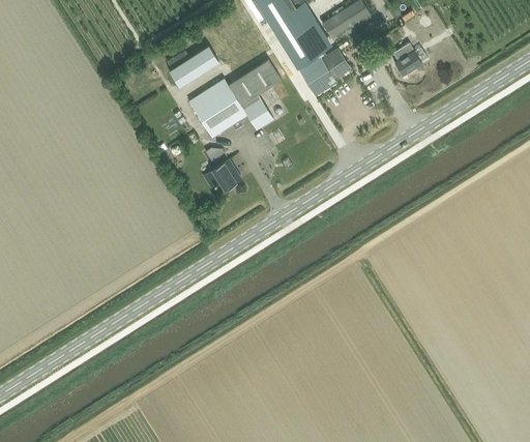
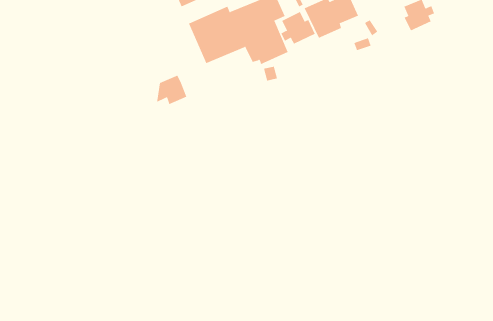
building: none -> [280,11,316,44]
building: [211,159,240,189] -> [156,75,187,105]

